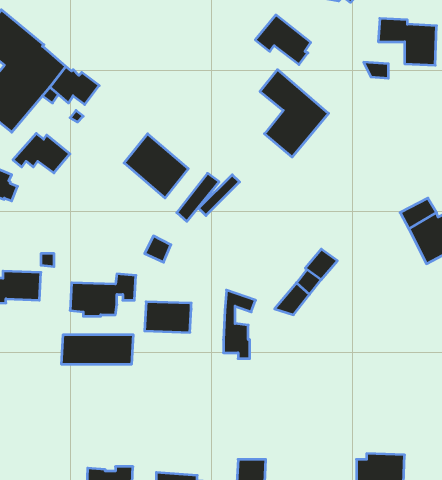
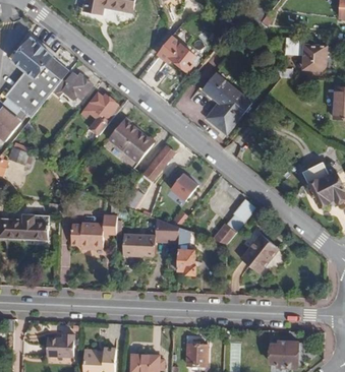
building: [255,15,311,65] -> [156,38,194,72]
building: [13,133,70,173] -> [80,94,120,121]
building: none -> [169,173,197,201]
building: none -> [154,218,179,241]
building: none -> [239,233,278,272]
building: [62,335,133,364] -> none
building: none -> [45,329,73,352]

